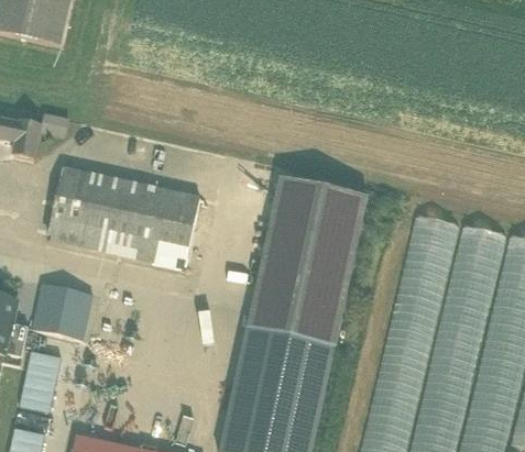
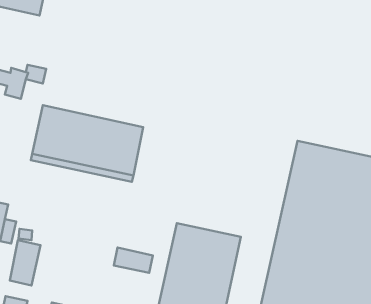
building: [248,176,368,345] -> none
building: [35,283,92,338] -> none
building: none -> [114,247,153,273]

